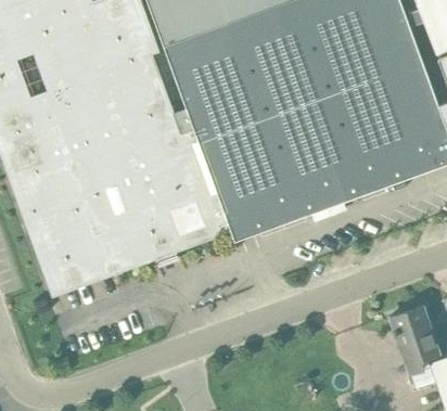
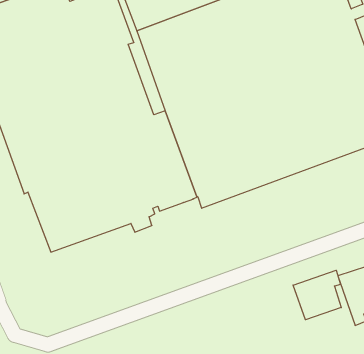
building: none -> [293,270,341,320]

